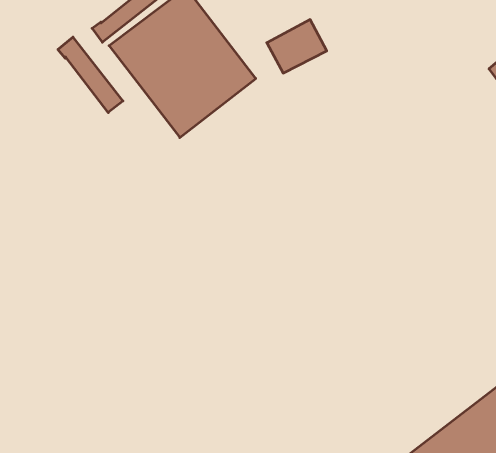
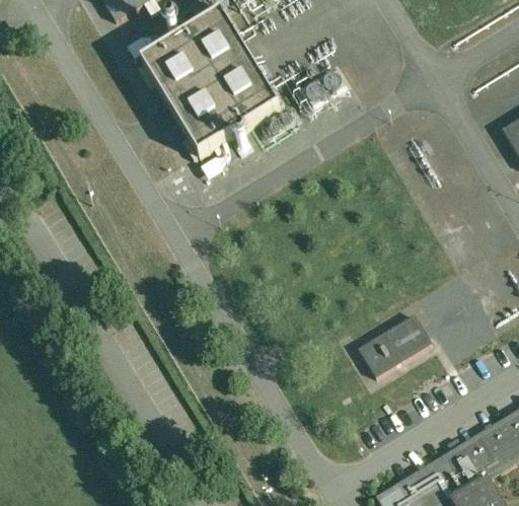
building: [58,37,123,113] -> none
building: none -> [363,321,433,380]

